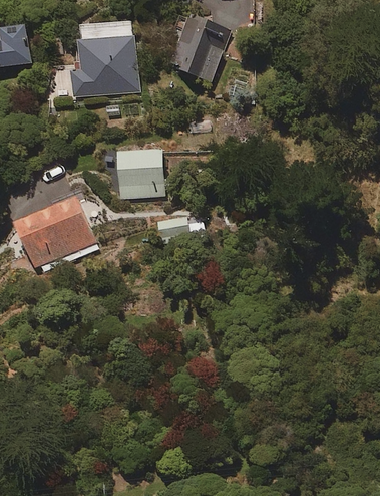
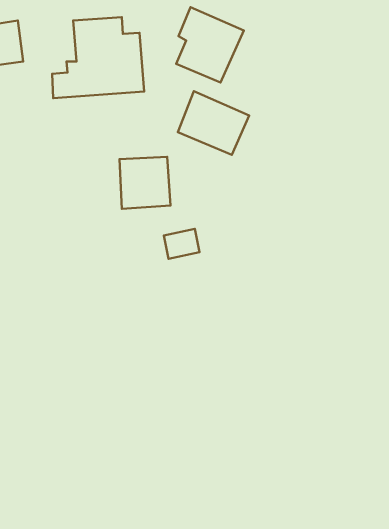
building: none -> [178,91,249,155]
building: [16,197,97,271] -> none

